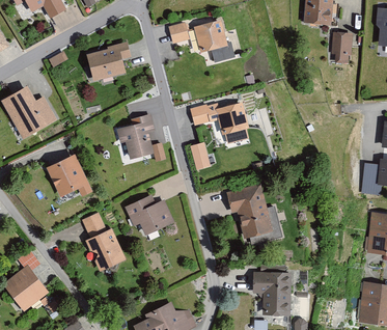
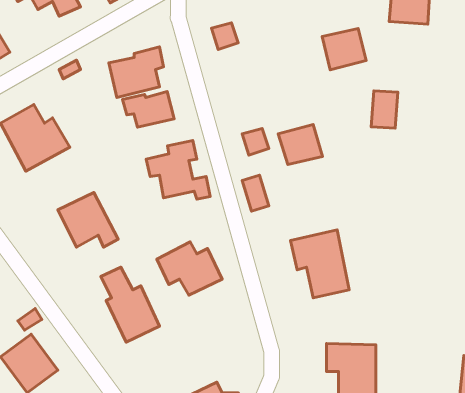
building: [194,21,228,53] -> [322,29,366,70]
building: [330,33,351,62] -> [371,91,398,128]
building: none -> [122,92,174,127]

